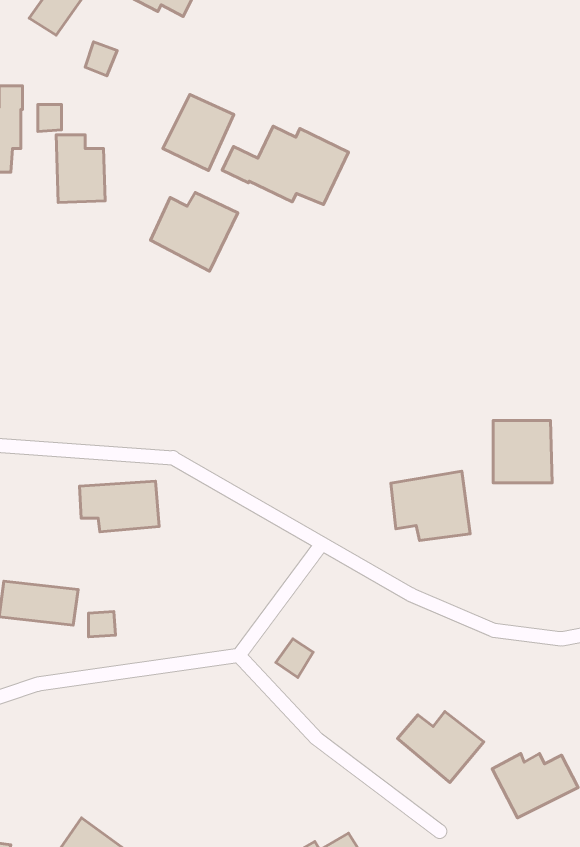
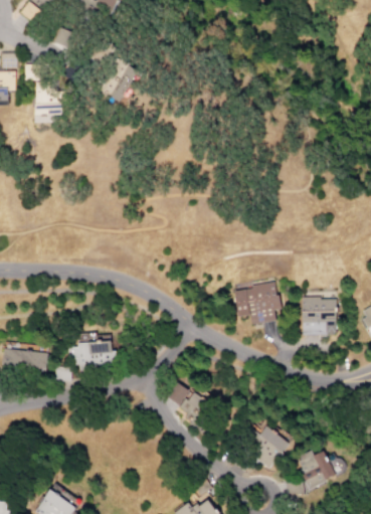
building: [222,126,349,204] -> none
building: [151,192,238,271] -> none
building: [493,420,552,483] -> [303,297,338,334]
building: [80,481,159,532] -> [68,341,116,371]
building: none -> [179,391,216,423]

